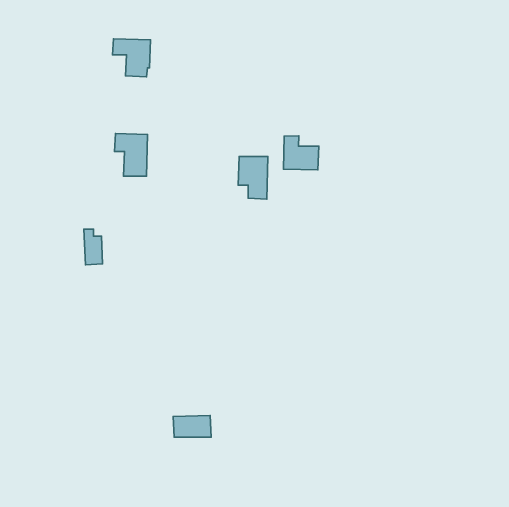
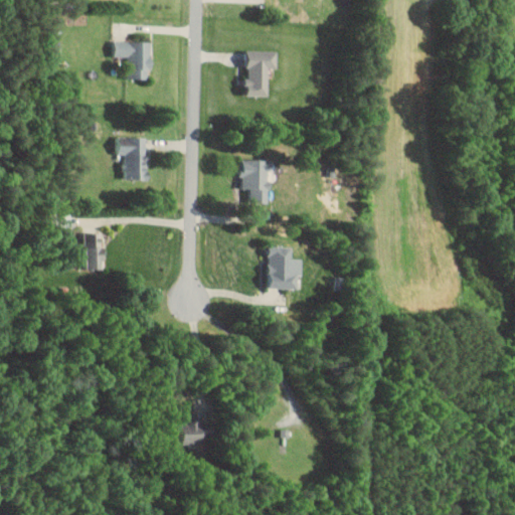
building: none -> [244,51,278,97]
building: [283,136,319,170] -> none
building: none -> [268,246,303,290]

